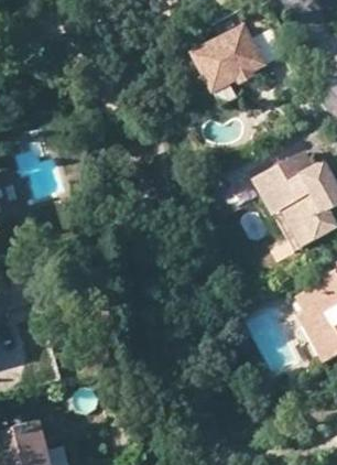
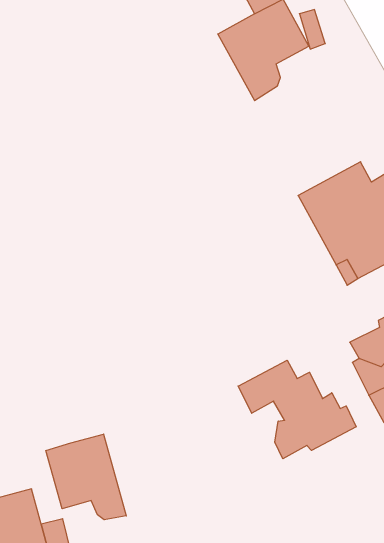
building: none -> [238,360,356,459]
building: none -> [46,434,126,520]

